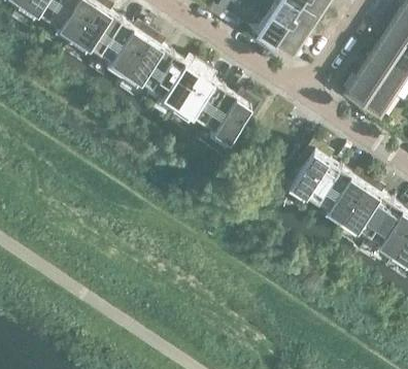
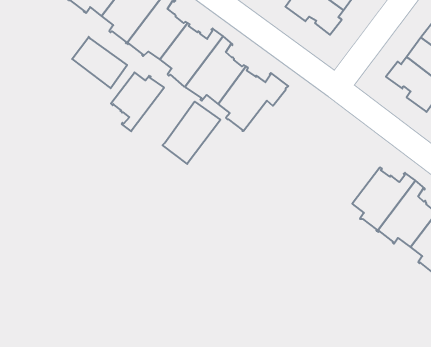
building: none -> [72,37,127,88]
building: none -> [111,72,164,131]
building: none -> [163,102,220,164]
building: [290,139,341,201] -> none

